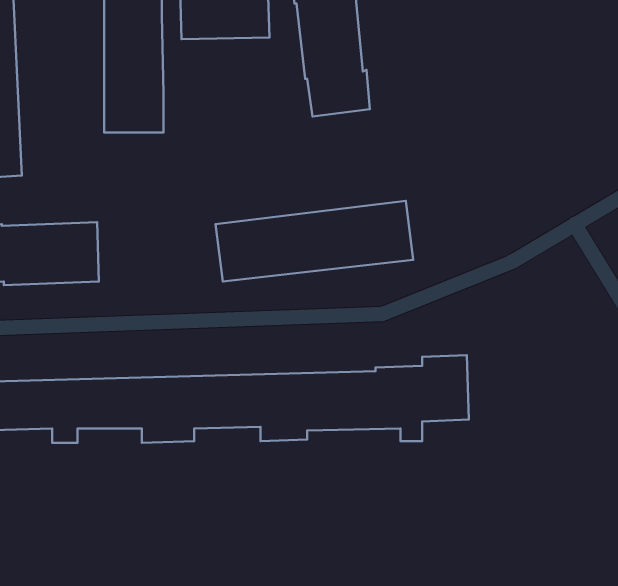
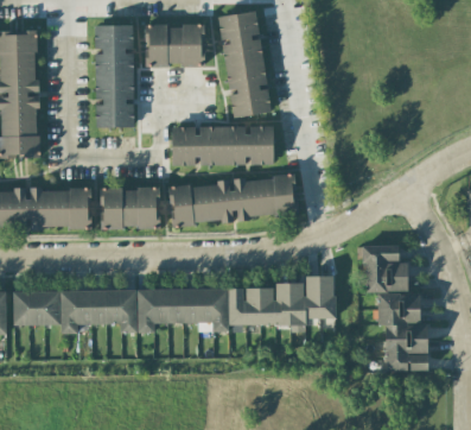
building: none -> [172,126,274,165]
building: none -> [101,188,159,229]
building: none -> [362,246,427,371]

